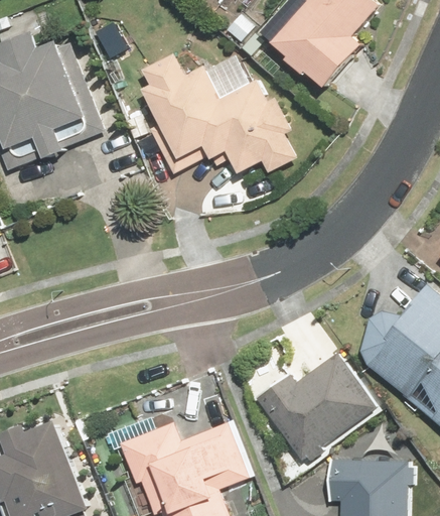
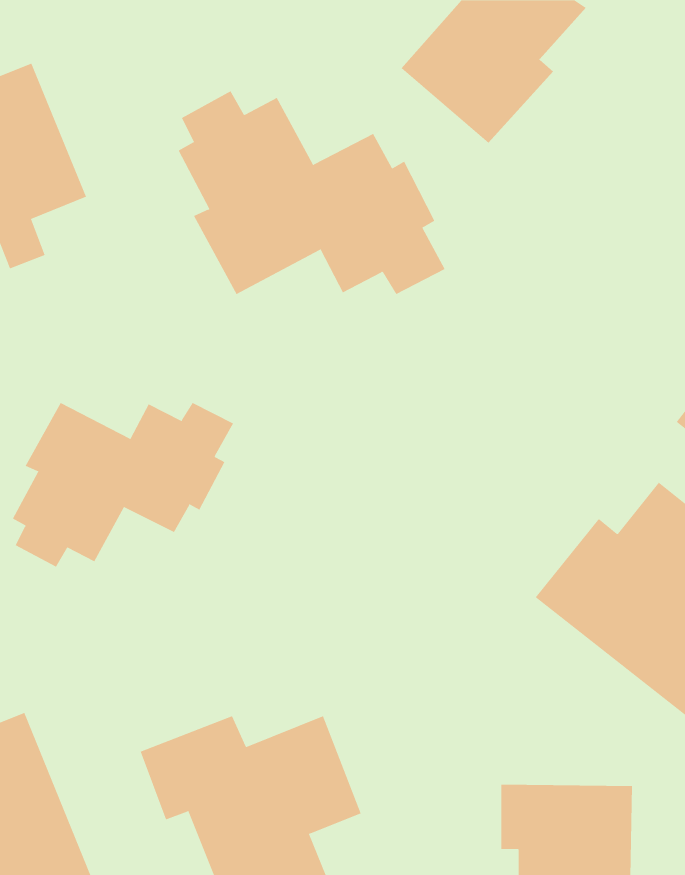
building: none -> [12,402,234,568]
building: [256,352,380,465] -> none

